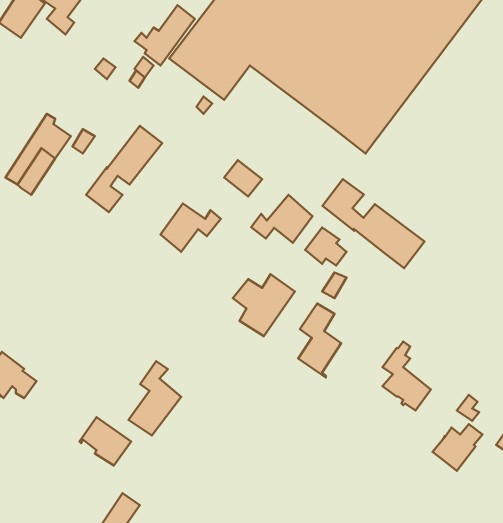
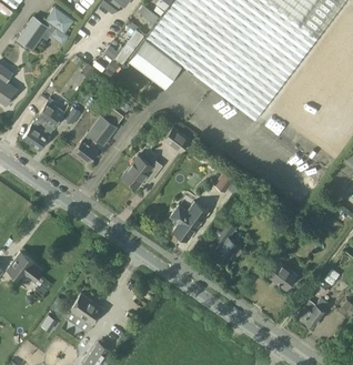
building: [322,179,425,268] -> none
building: [251,195,313,243] -> none
building: [129,361,181,435] -> none

